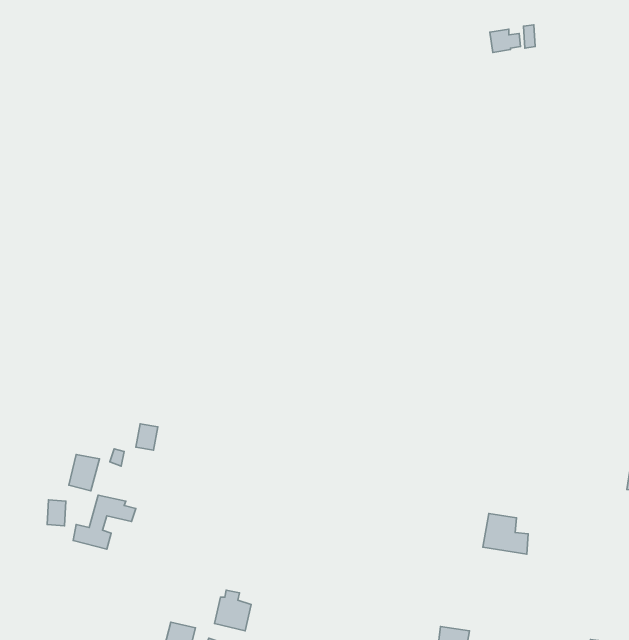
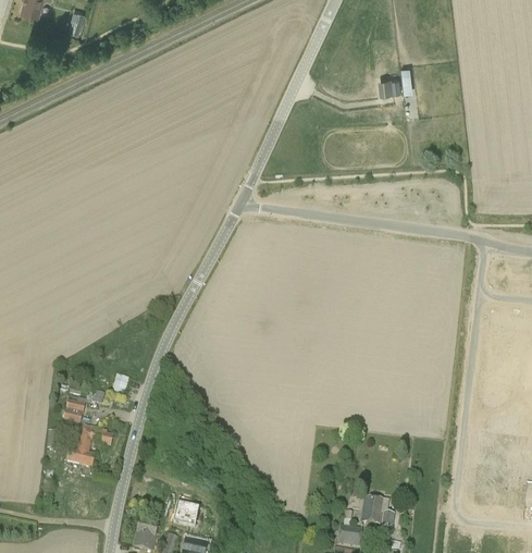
building: [483,514,528,554] -> [360,496,394,527]

